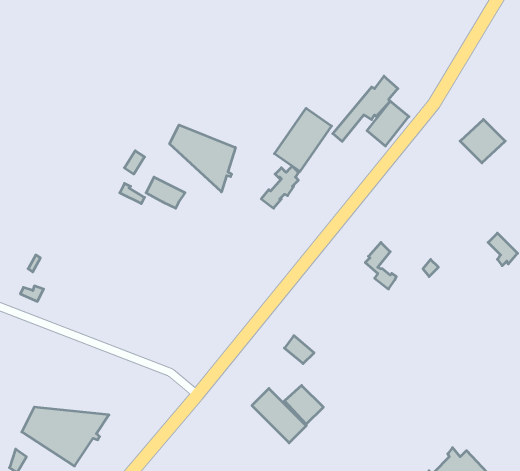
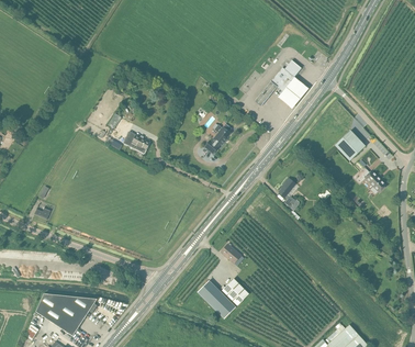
building: [274,108,332,172] -> none
building: [460,119,505,163] -> [334,130,366,160]
building: [170,125,235,192] -> none

